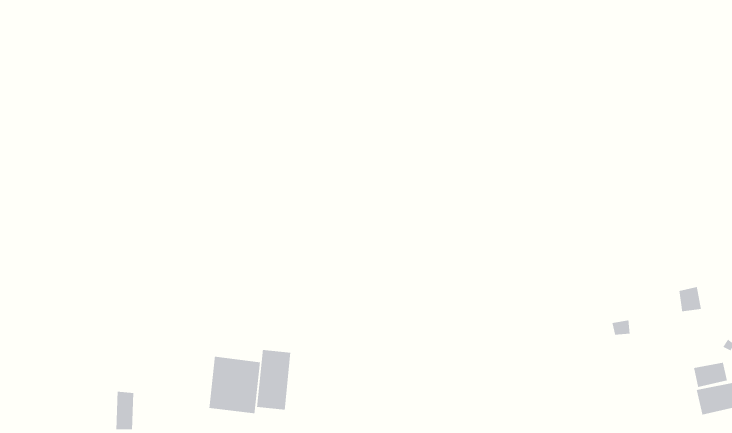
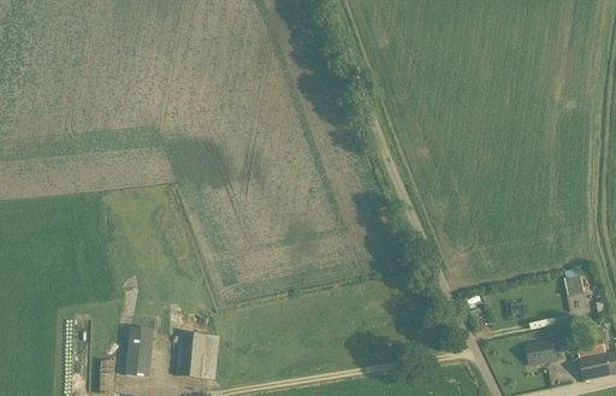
building: [256,349,291,410] -> [124,326,153,377]
building: none -> [523,333,571,365]

